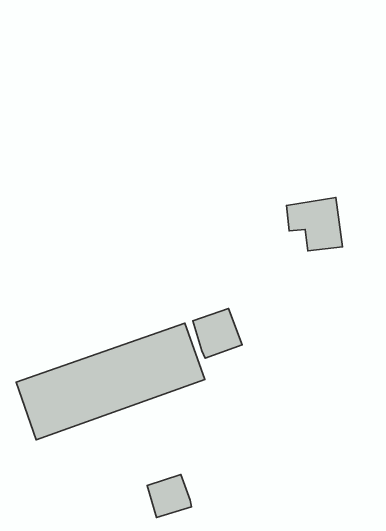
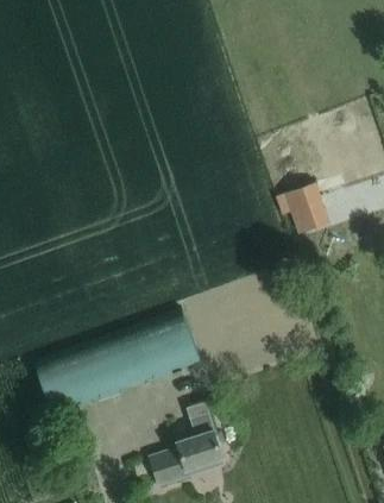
building: [193,308,242,358] -> none
building: none -> [178,403,225,470]

